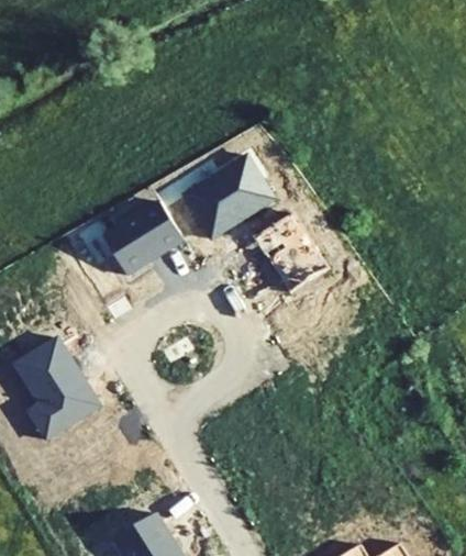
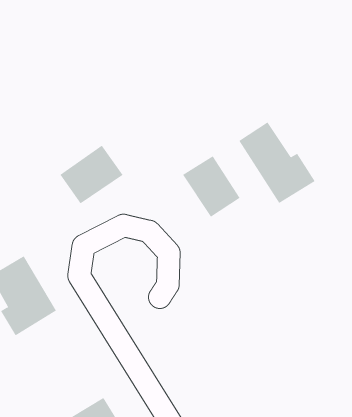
building: [184,152,277,238] -> none
building: none -> [238,121,316,204]

